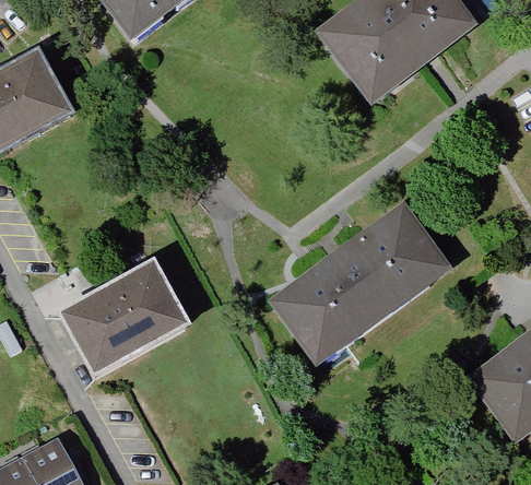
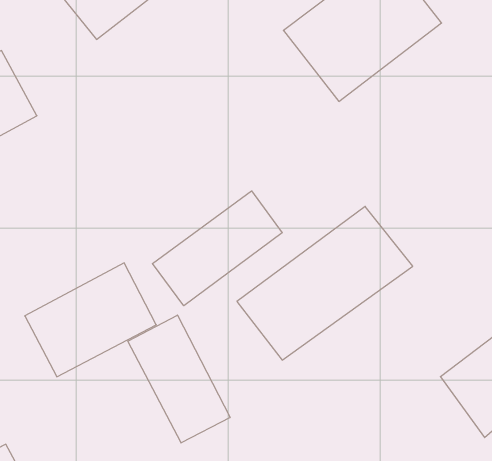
building: none -> [152,191,282,306]
building: none -> [128,315,230,443]

